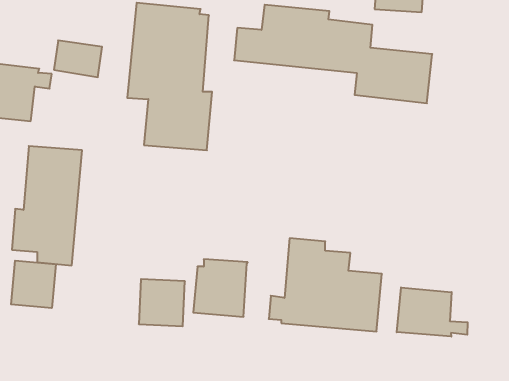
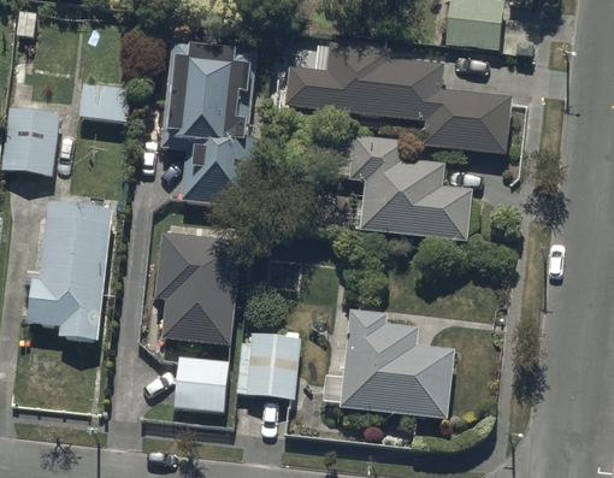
building: none -> [331,134,472,241]
building: none -> [158,234,247,344]
building: [11,261,56,308] -> none
building: [397,287,468,337] -> none

